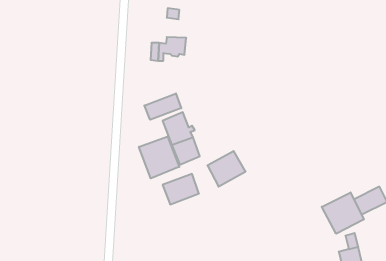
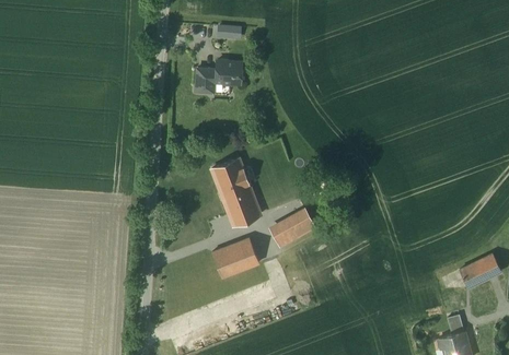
building: [144,93,181,120] -> none
building: [139,137,179,178] -> none
building: [322,192,364,234] -> none

